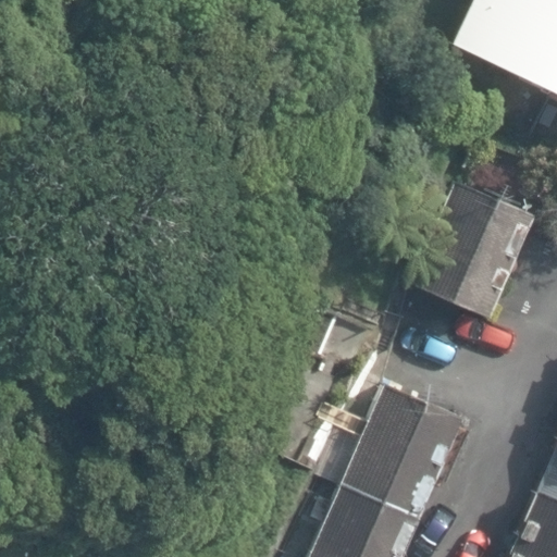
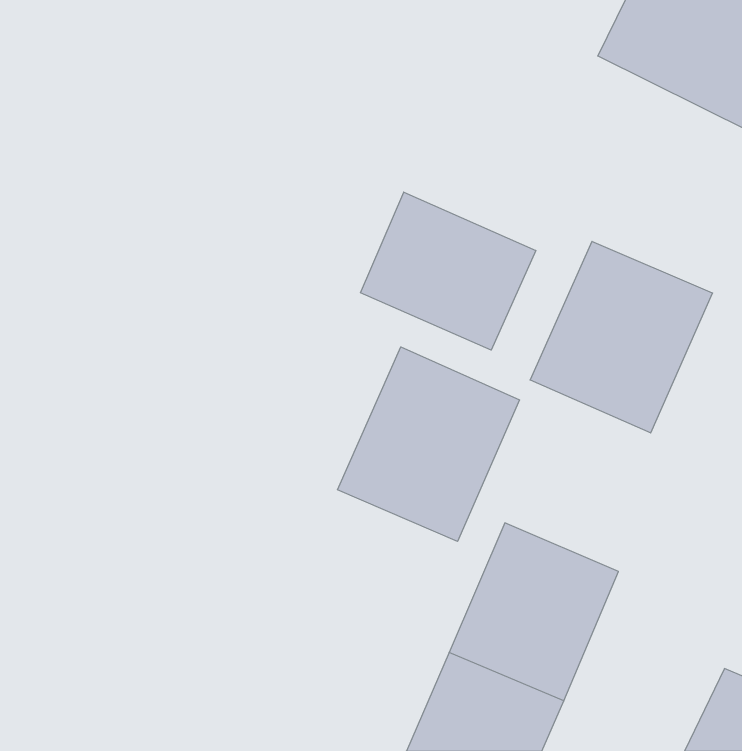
building: none -> [361,192,536,350]
building: none -> [338,347,519,541]

